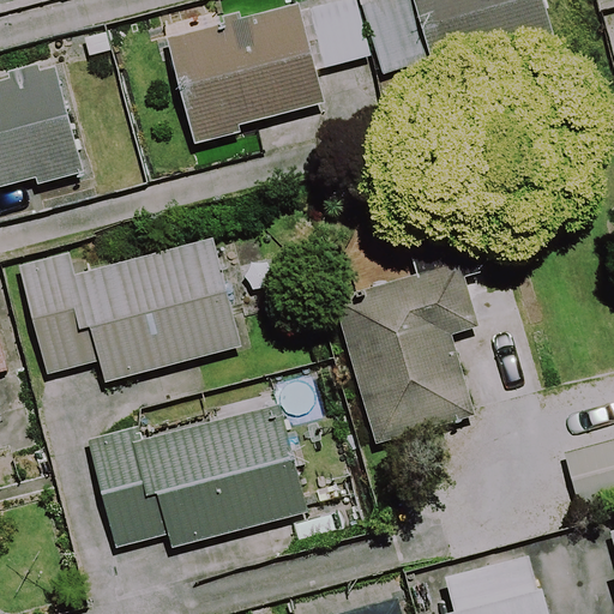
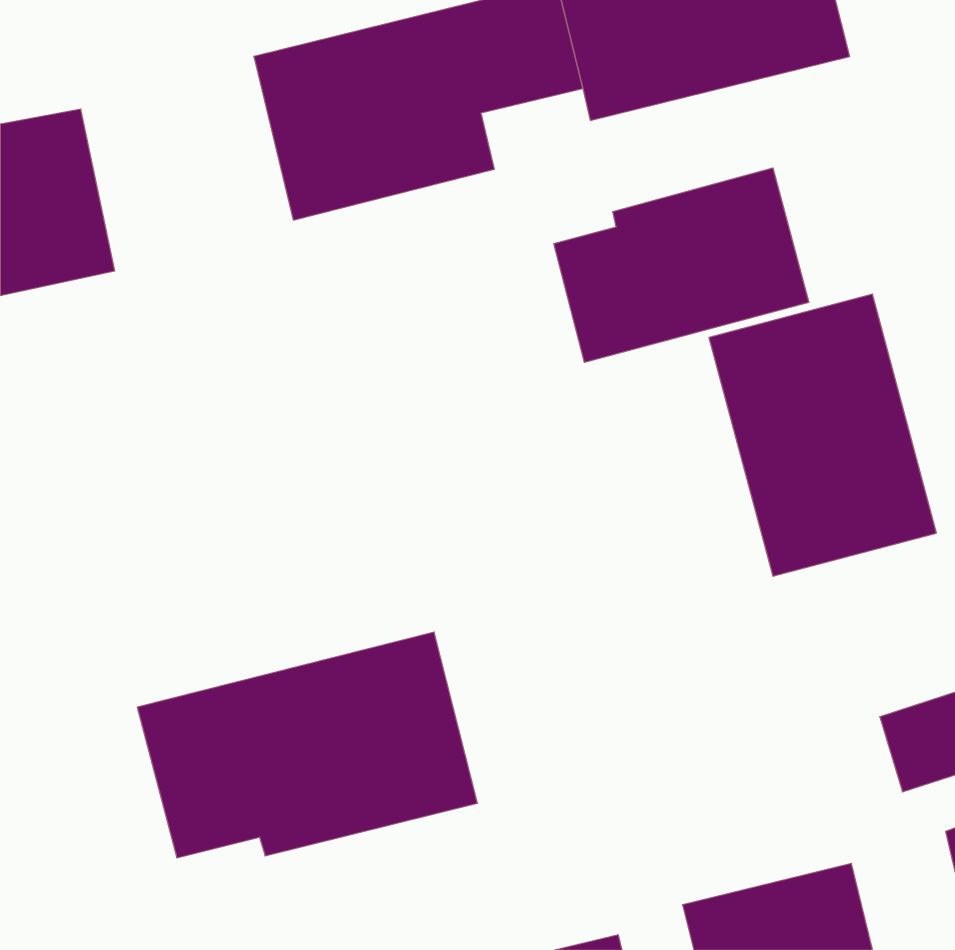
building: none -> [554,168,809,362]
building: [19,237,240,380] -> none
building: [331,257,476,437] -> [709,294,936,576]

